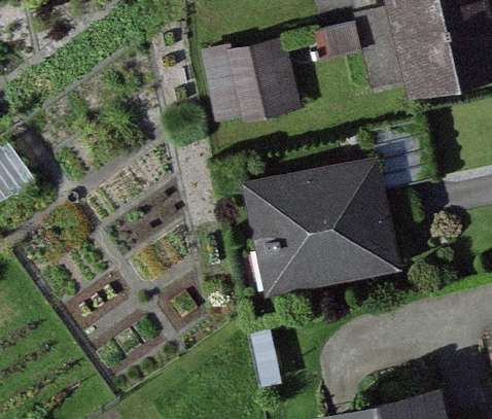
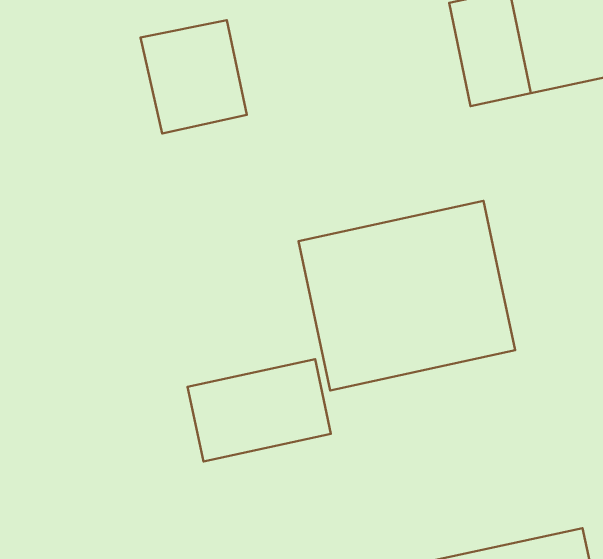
building: [205,44,281,126] -> [141,20,247,134]
building: none -> [188,359,331,462]

